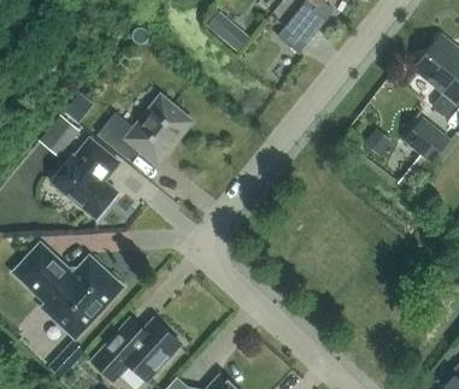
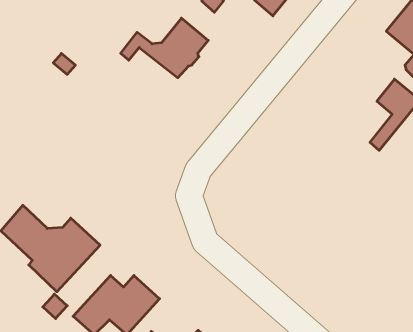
building: [98,99,188,160] -> [121,18,208,78]
building: [39,112,78,153] -> none
building: [51,138,119,218] -> none

